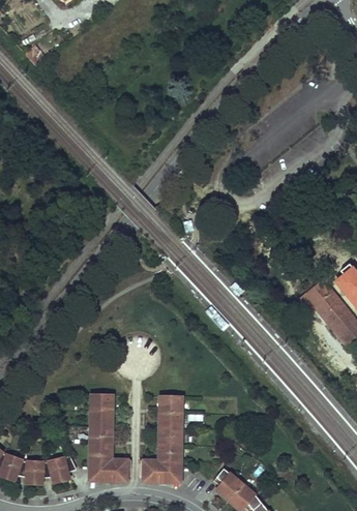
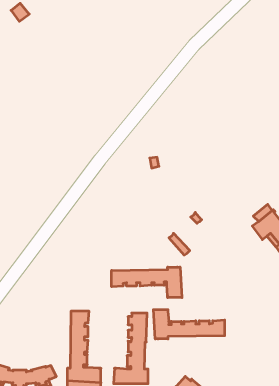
building: none -> [112,267,182,298]
building: none -> [153,310,225,339]

